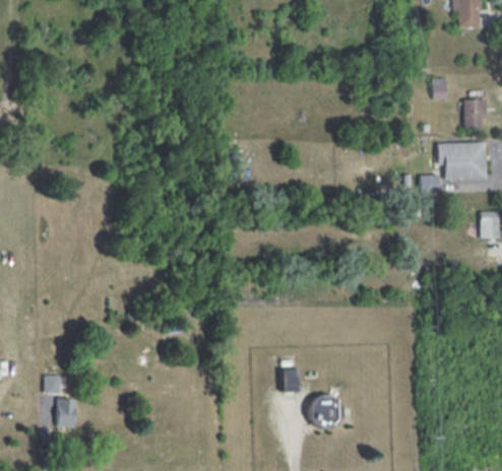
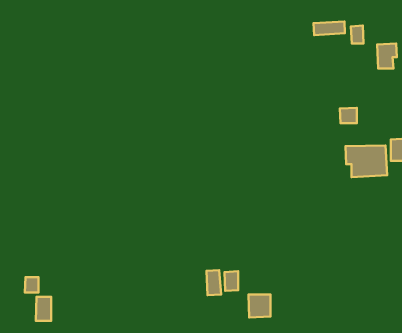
building: none -> [314,22,345,35]
building: [437,142,487,180] -> [345,145,387,177]
building: none -> [206,270,221,295]

